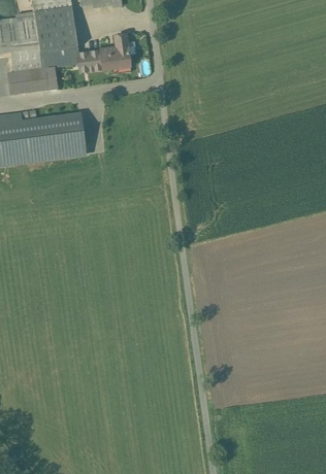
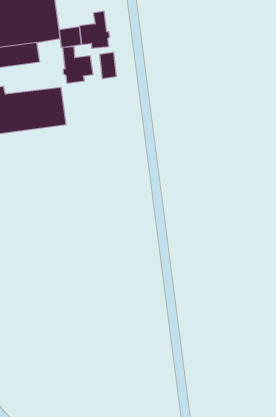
building: none -> [63,46,93,84]
building: none -> [100,52,116,79]

